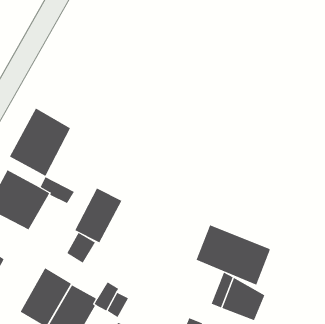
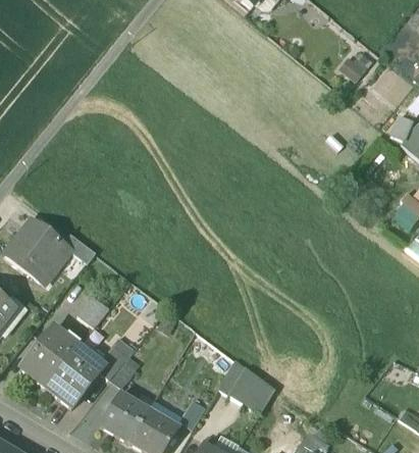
building: [9,108,71,176] -> none
building: [75,188,122,243] -> none
building: [196,224,270,285] -> none

